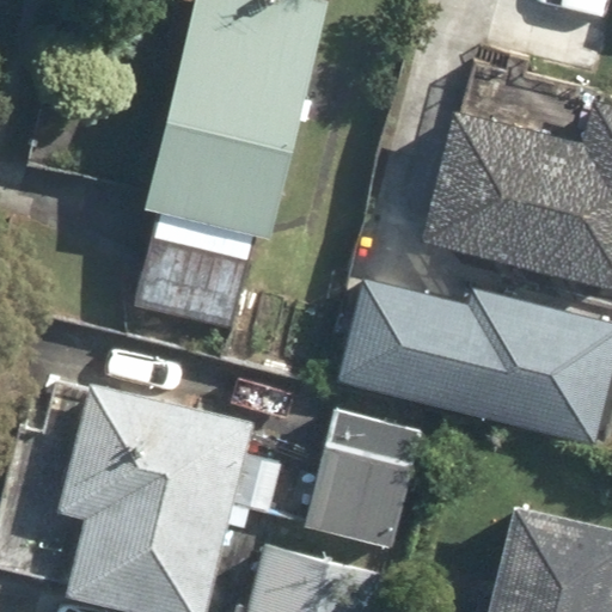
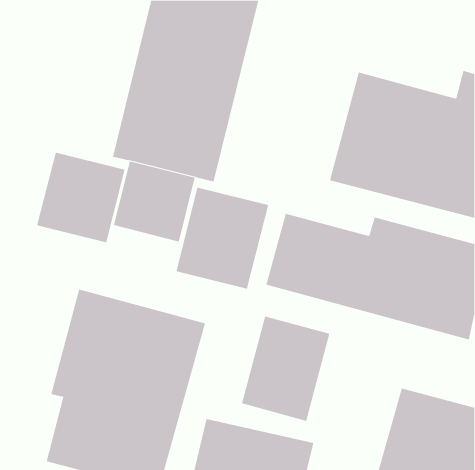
building: none -> [37,152,125,243]
building: none -> [176,187,269,289]

